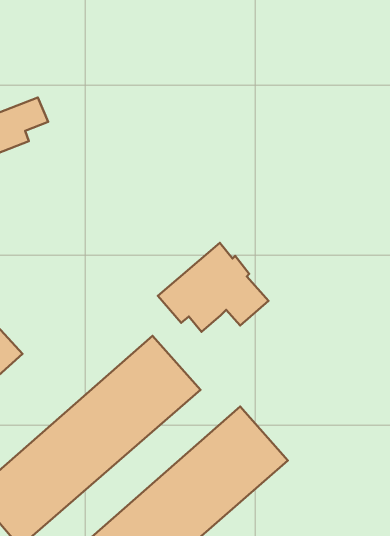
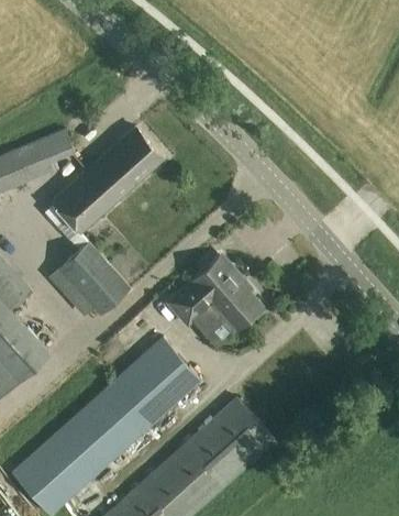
building: none -> [55,128,165,233]
building: none -> [49,240,132,316]

